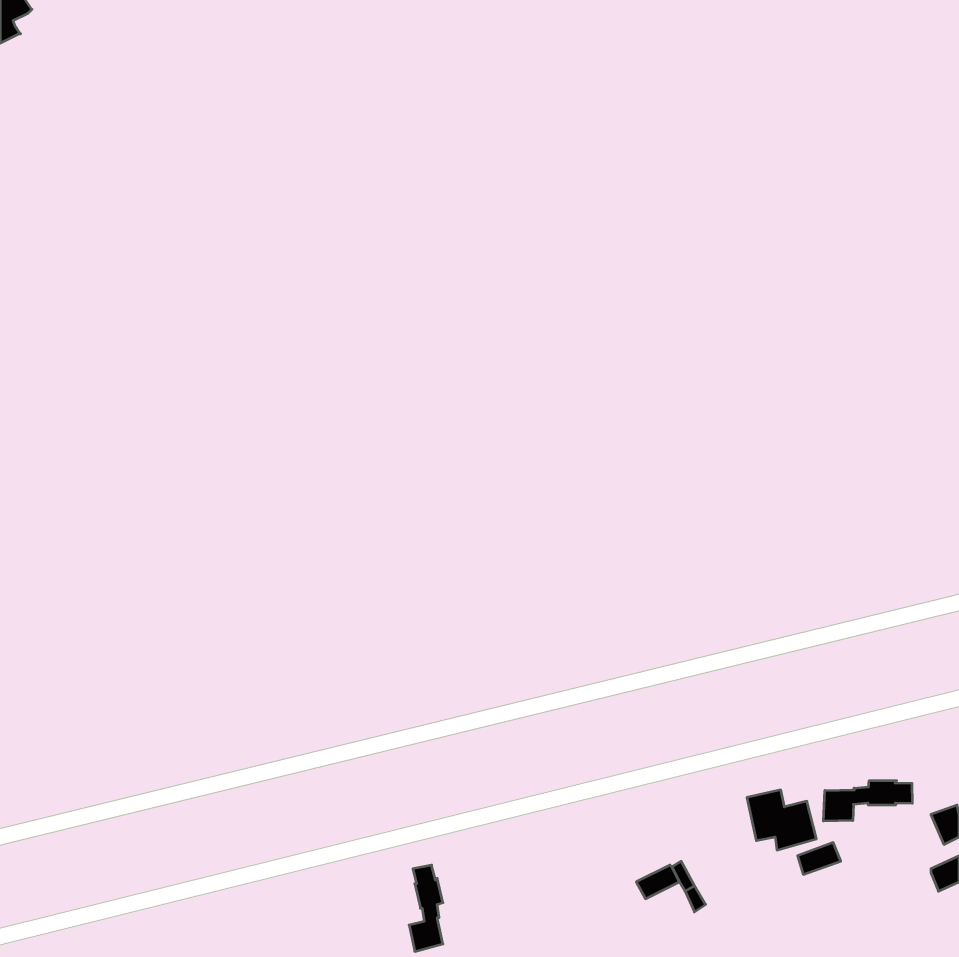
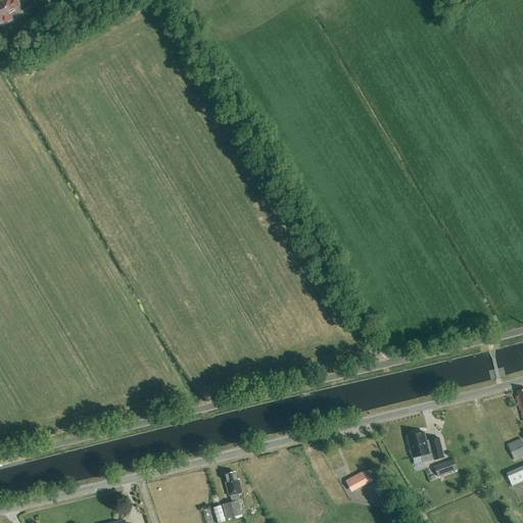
building: [823,781,912,821] -> none

